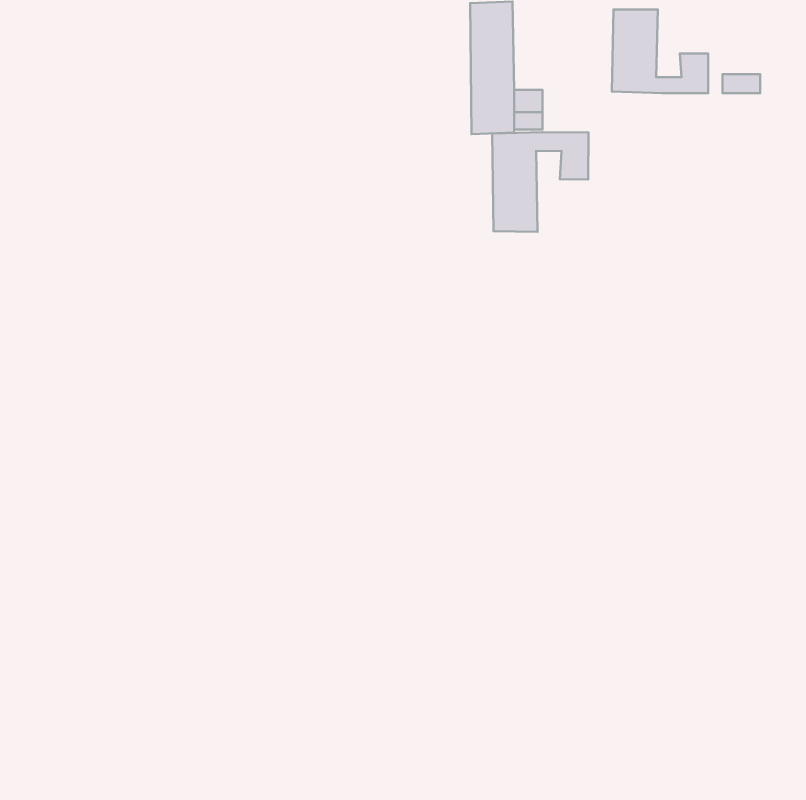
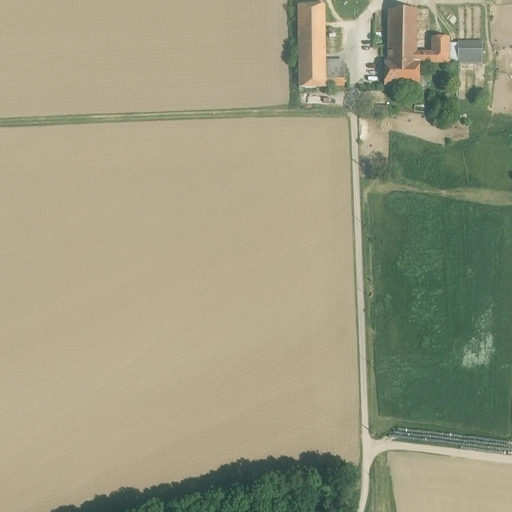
building: none -> [384,58,420,82]
building: [492,132,589,232] -> none

